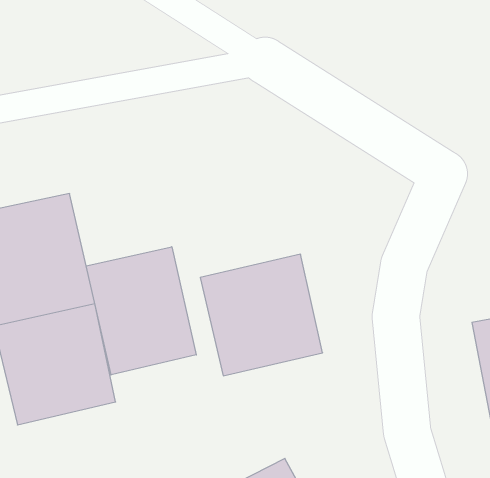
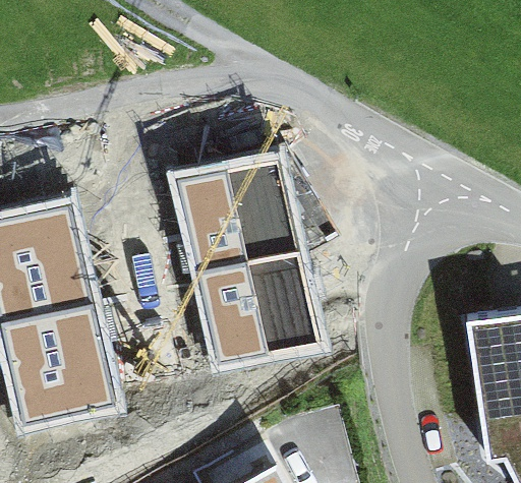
building: none -> [174,149,297,280]
building: [86,247,196,375] -> none

